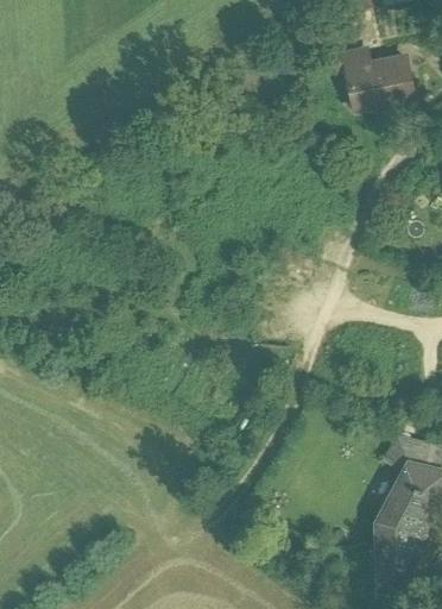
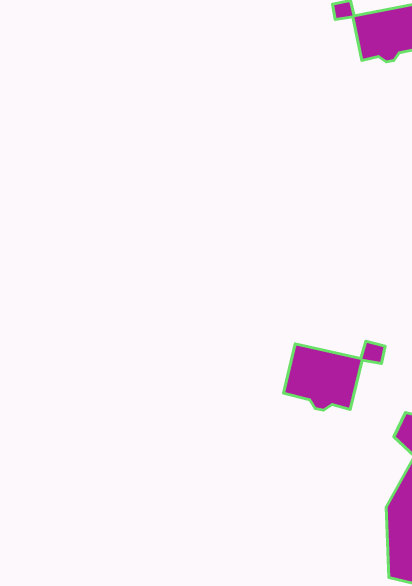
building: none -> [283,341,385,410]

